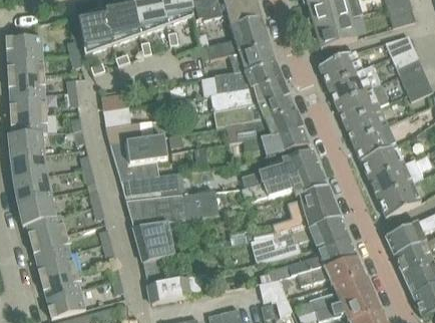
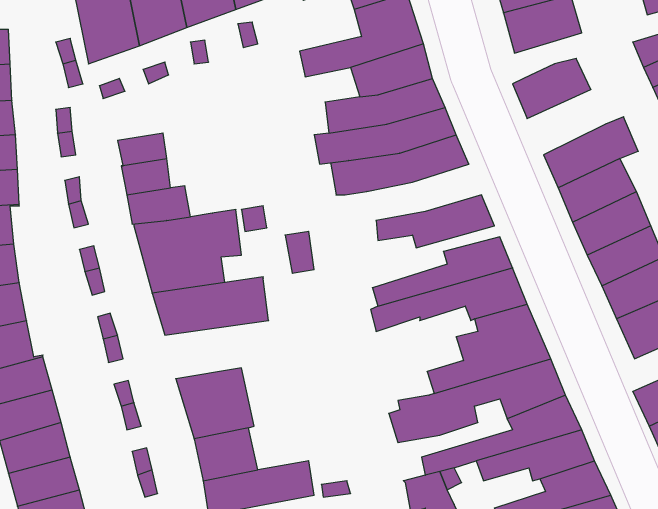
building: [327,64,379,104] -> none
building: [227,109,302,142] -> none
building: [127,192,218,228] -> none

